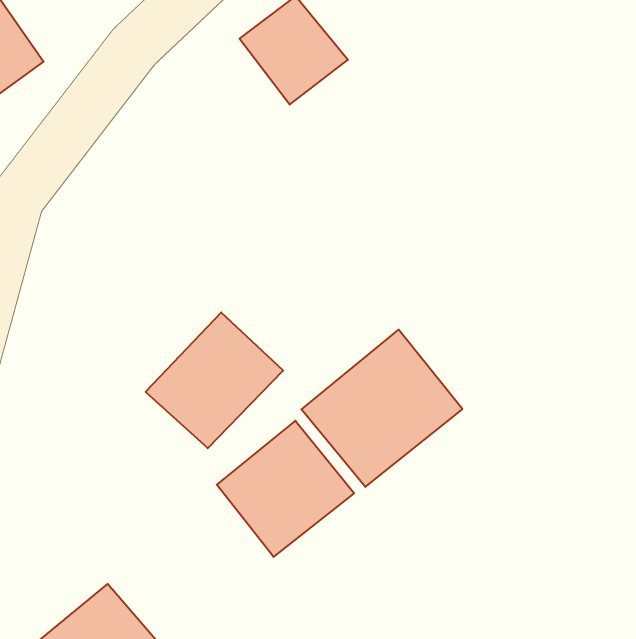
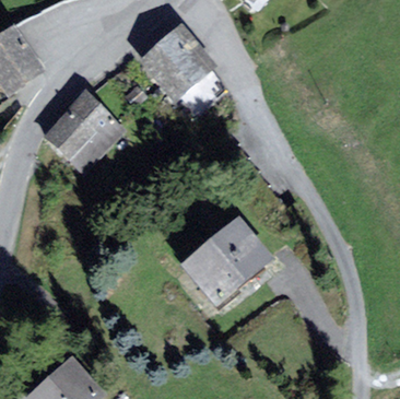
building: [146,312,283,448] -> [46,93,123,169]
building: [217,421,354,557] -> none

